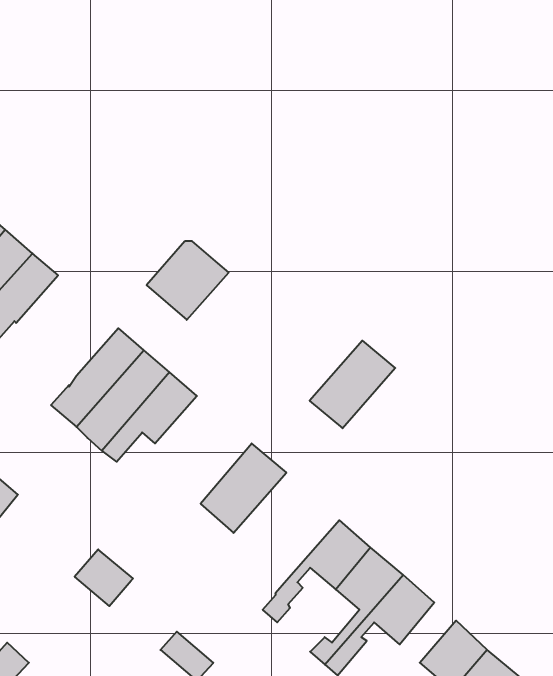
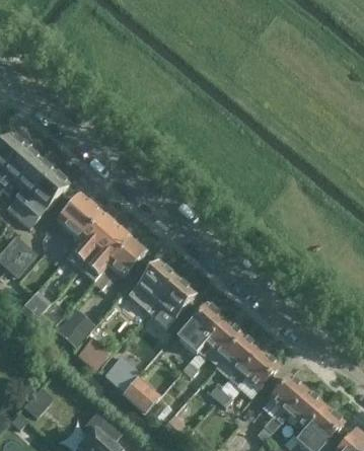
building: [147,241,229,320] -> [57,196,102,239]
building: [310,341,395,428] -> [177,304,225,353]
building: none -> [129,260,176,310]
building: none -> [52,308,93,346]
building: none -> [104,355,139,389]

